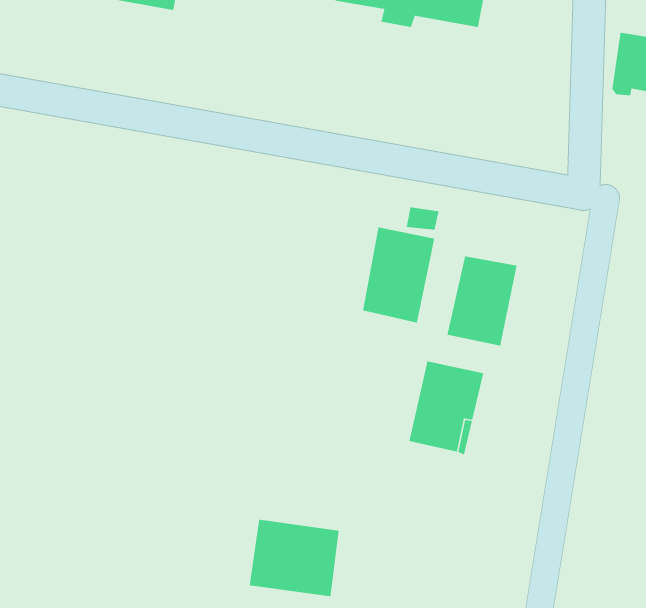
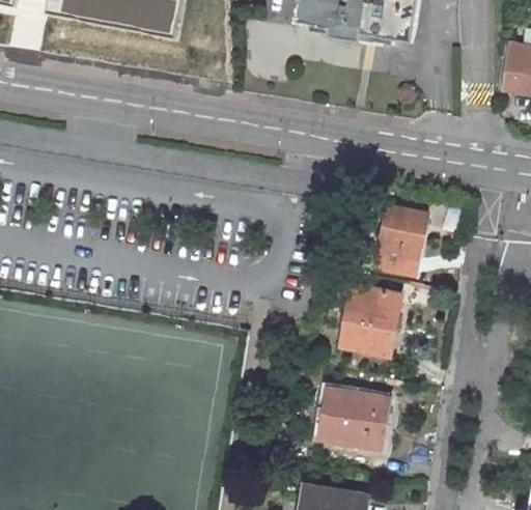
building: [362,226,435,324] -> none
building: [249,519,340,597] -> [319,391,387,449]

